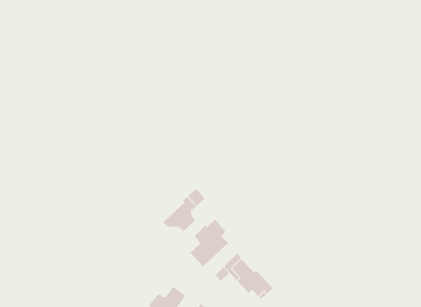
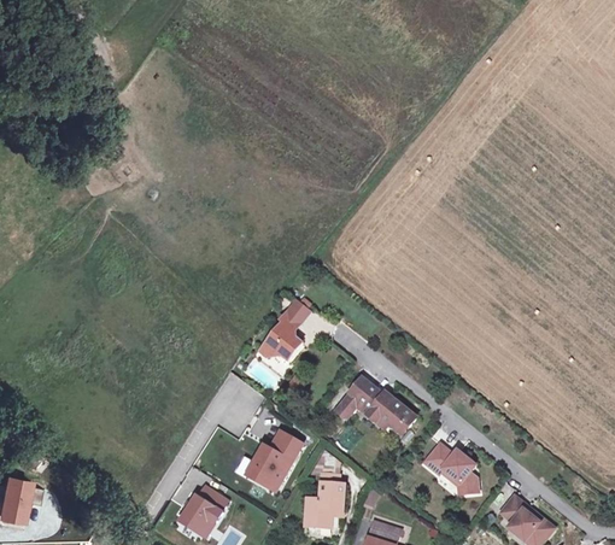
building: [189,219,229,267] -> none

